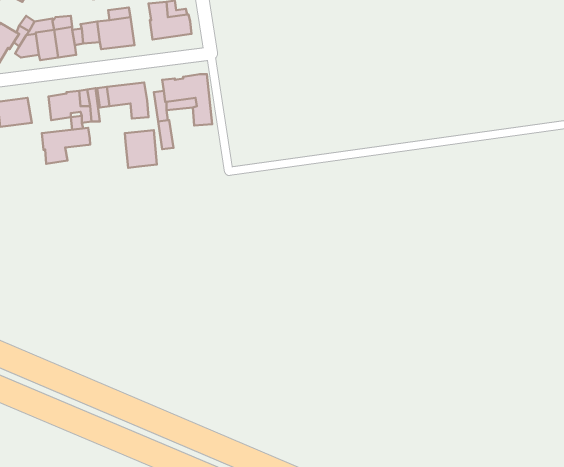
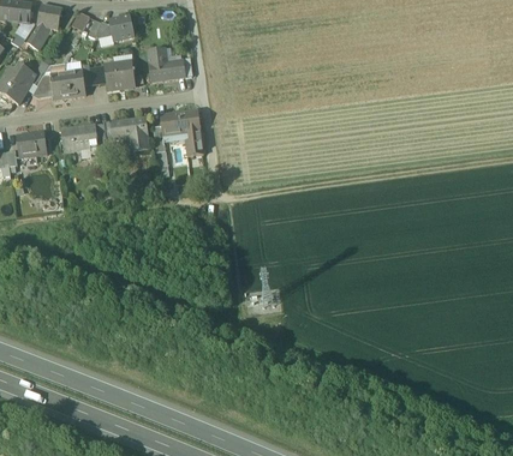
building: [42,128,90,164] -> none
building: [125,130,157,168] -> none

